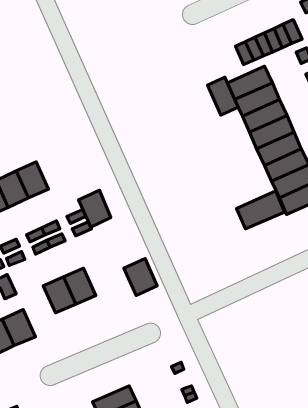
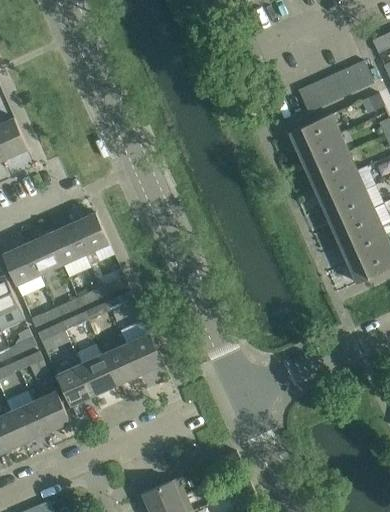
building: [208,77,238,115] -> none
building: [78,190,111,227] -> [71,212,108,254]
building: [236,191,284,229] -> none
building: [124,259,157,296] -> [125,333,163,375]
building: none -> [56,364,93,406]

